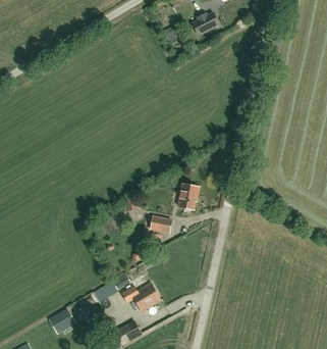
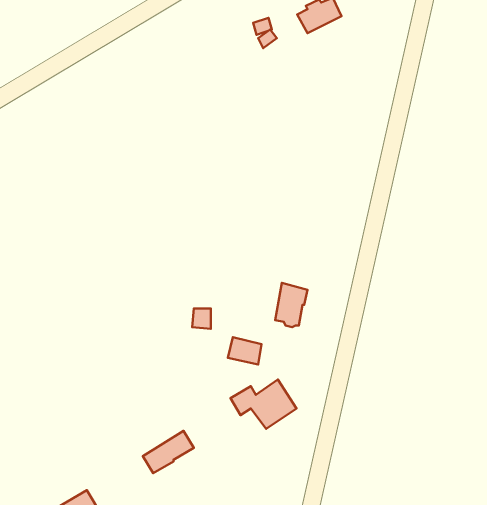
building: [120,283,160,312] -> [230,380,297,429]

